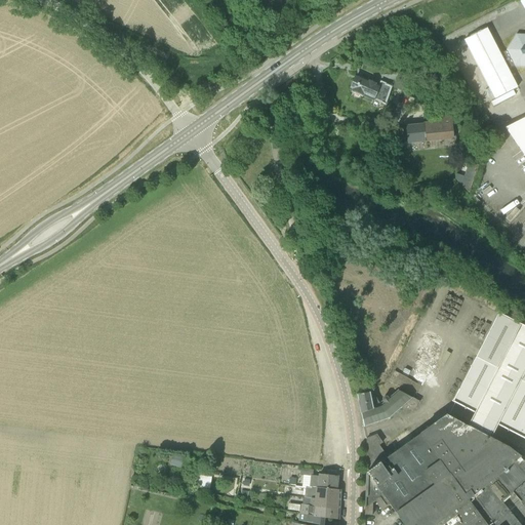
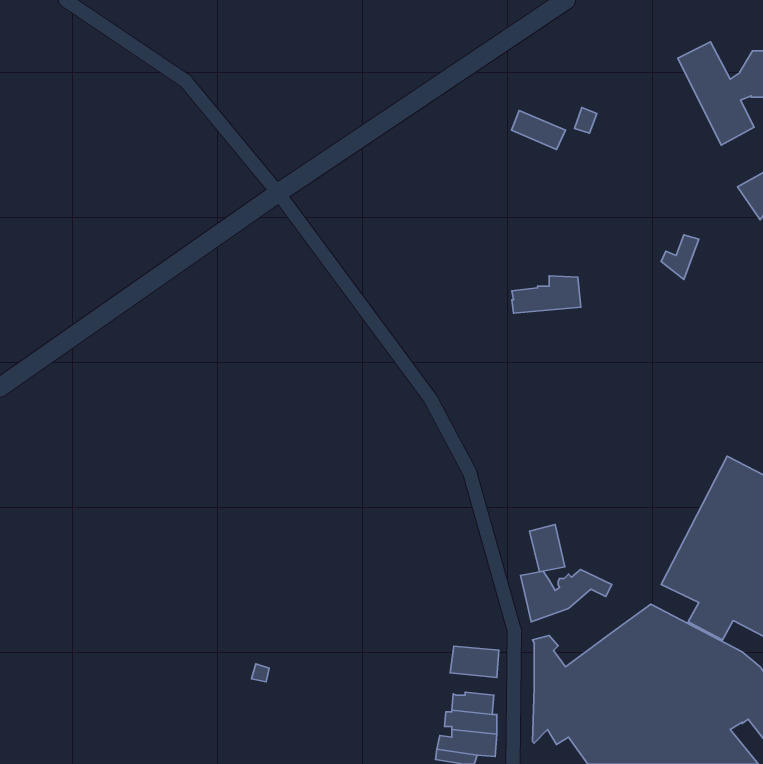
building: [407,117,454,143] -> [512,276,581,313]
building: none -> [529,525,565,572]
building: none -> [450,646,499,678]

